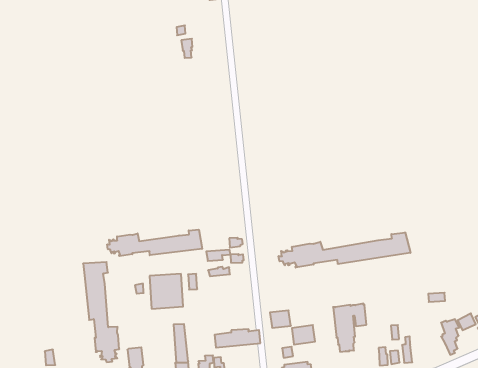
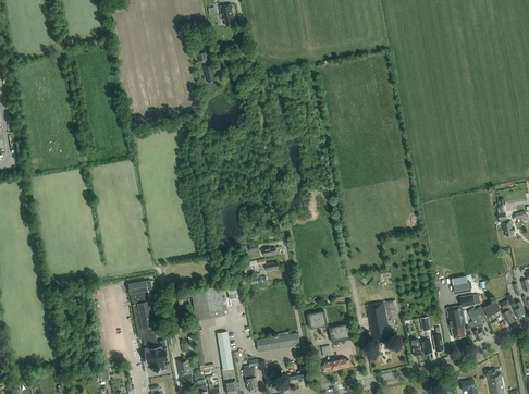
building: [107,230,202,256] -> none
building: [279,232,410,268] -> none
building: none -> [445,294,479,338]

